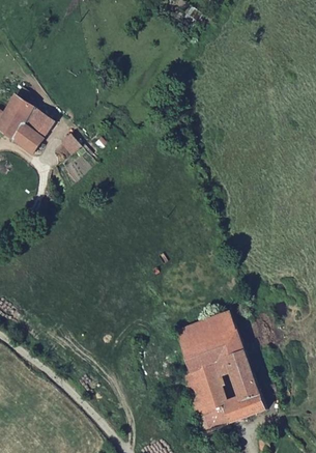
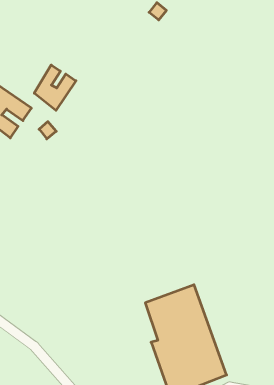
building: none -> [34,65,76,110]

